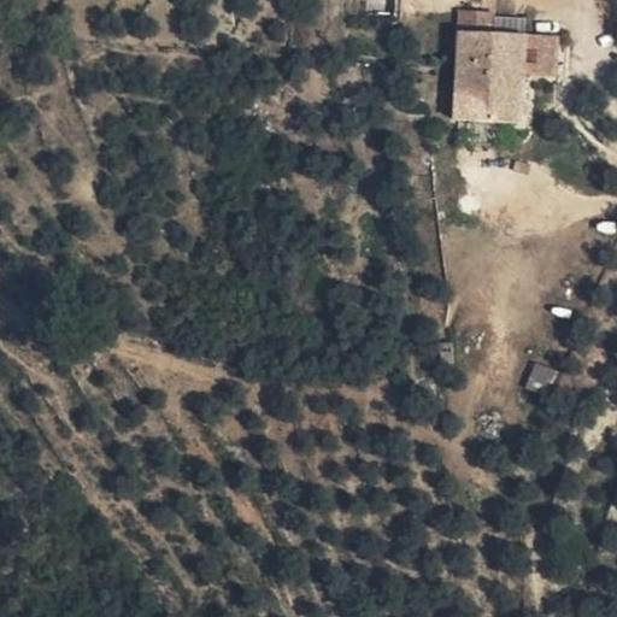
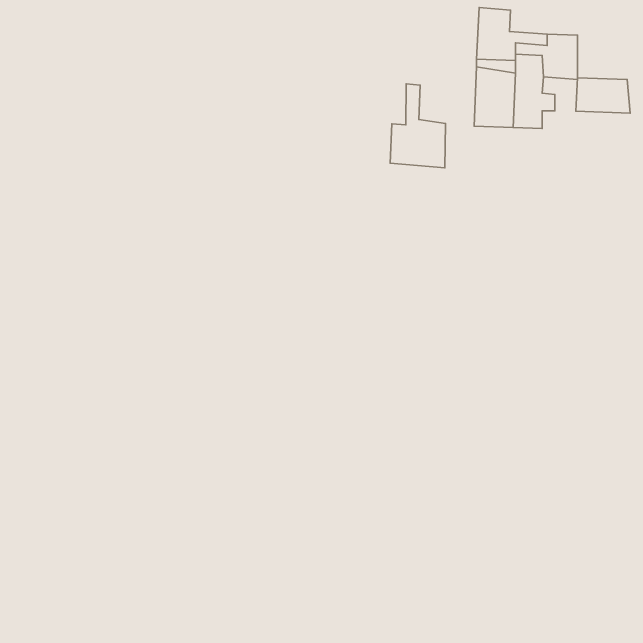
building: none -> [576,78,630,113]
building: none -> [390,84,445,168]

